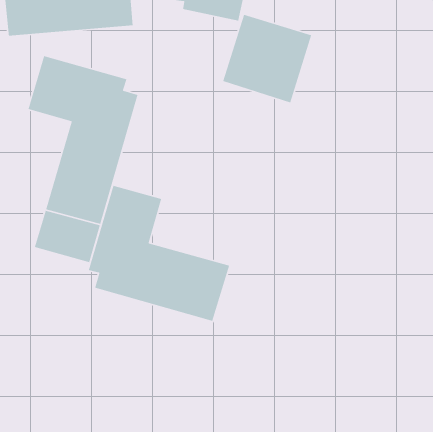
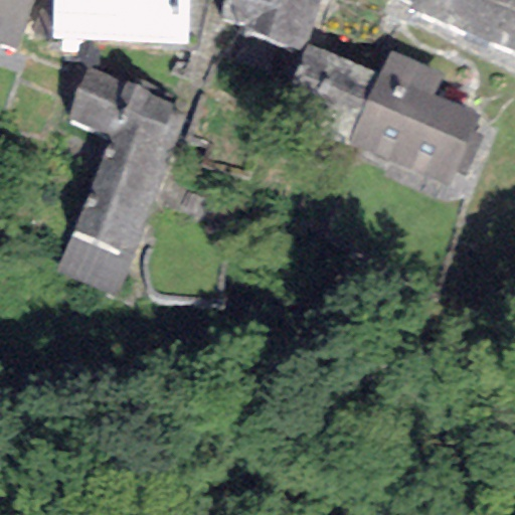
building: none -> [350,48,480,184]
building: [88,185,230,322] -> none

